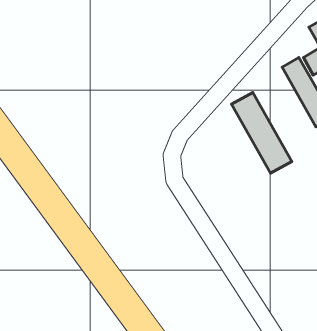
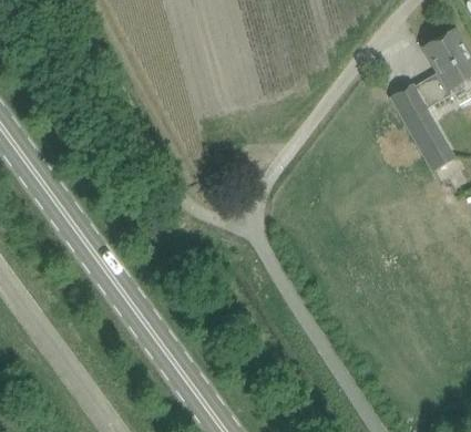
building: [231,92,292,173] -> none

